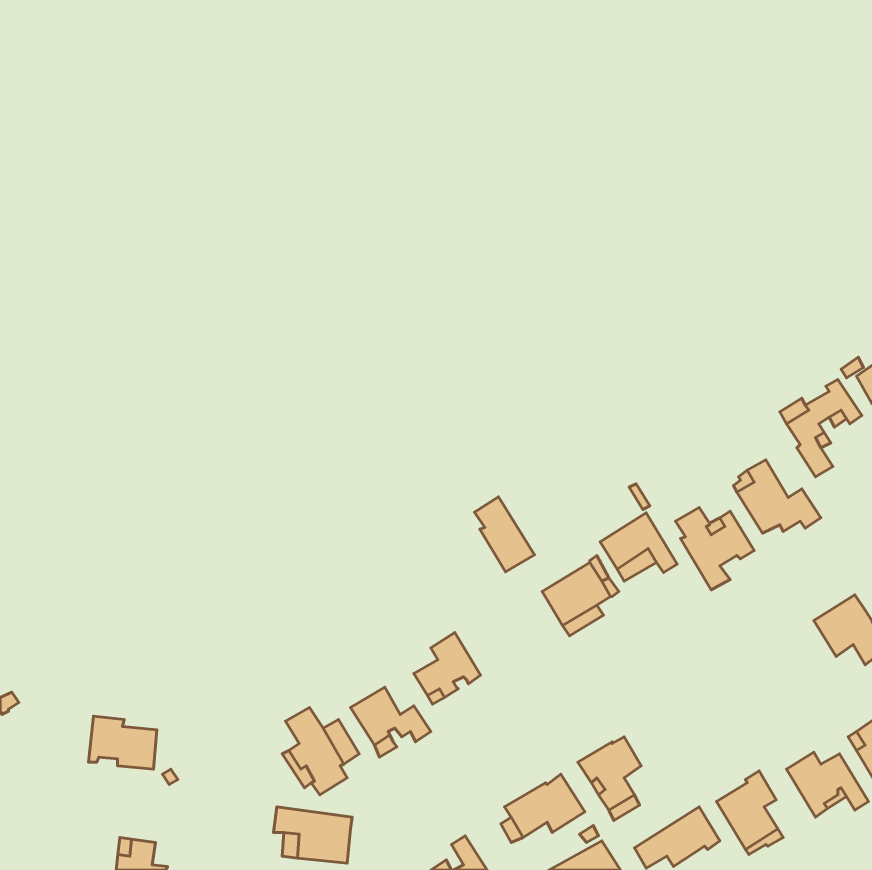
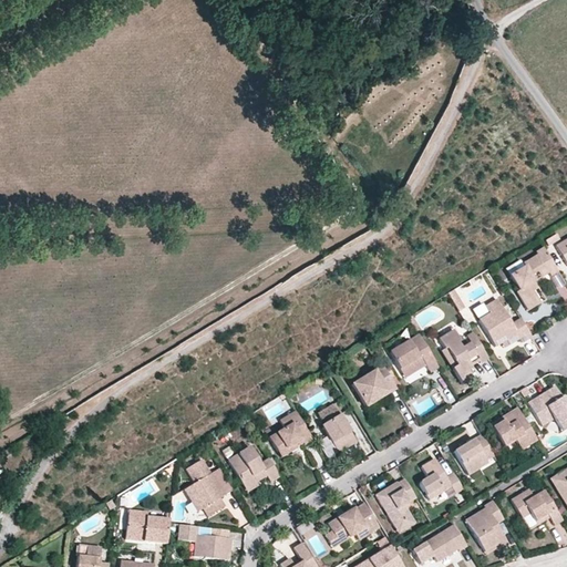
building: [475,497,534,572] -> [318,403,357,452]
building: none -> [493,406,538,449]
building: none -> [454,433,494,474]
building: none -> [420,457,464,498]
building: [88,716,157,769] -> [125,508,169,543]

